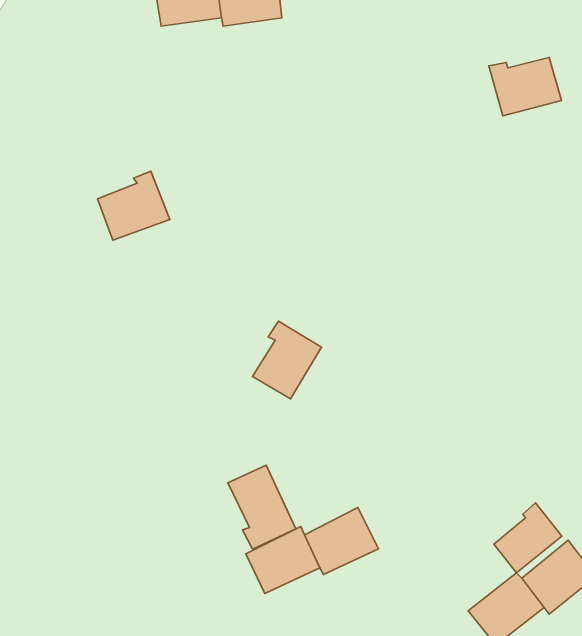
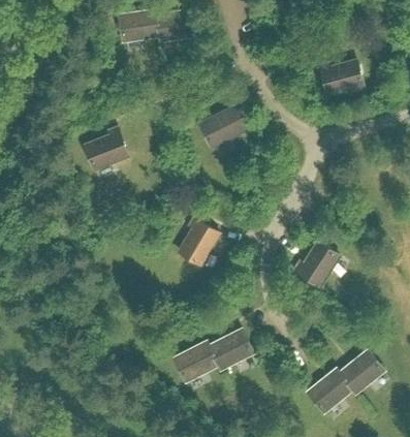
building: none -> [200,105,249,148]
building: none -> [294,241,340,286]
building: [228,465,296,549] -> none
building: [494,503,562,573] -> none

